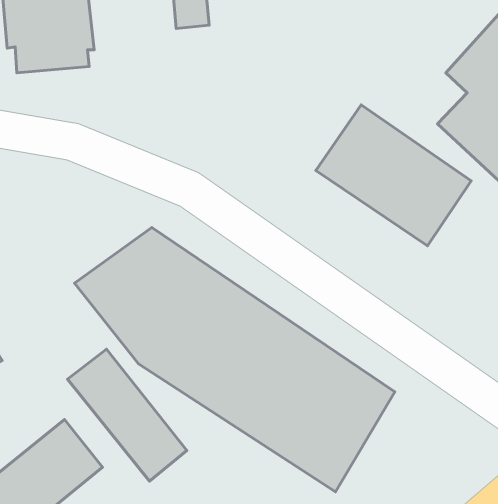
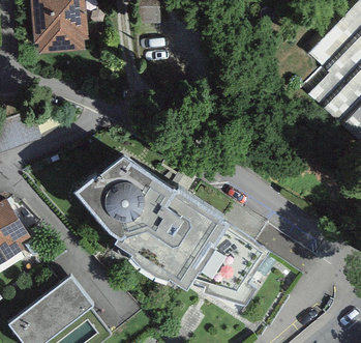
building: [316,105,471,246] -> none
building: [67,349,187,481] -> none

